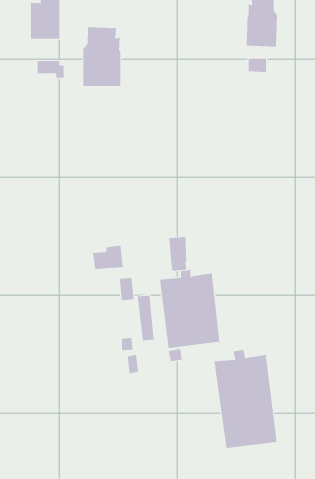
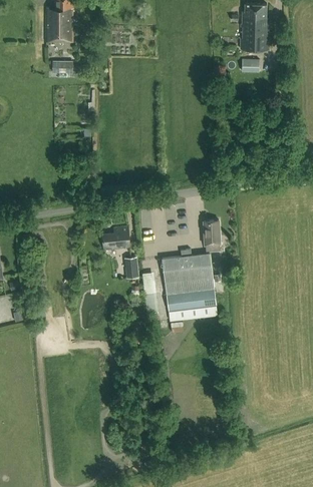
building: [83,27,121,87] -> none
building: [168,237,187,271] -> [203,220,220,252]
building: [214,349,277,449] -> none

